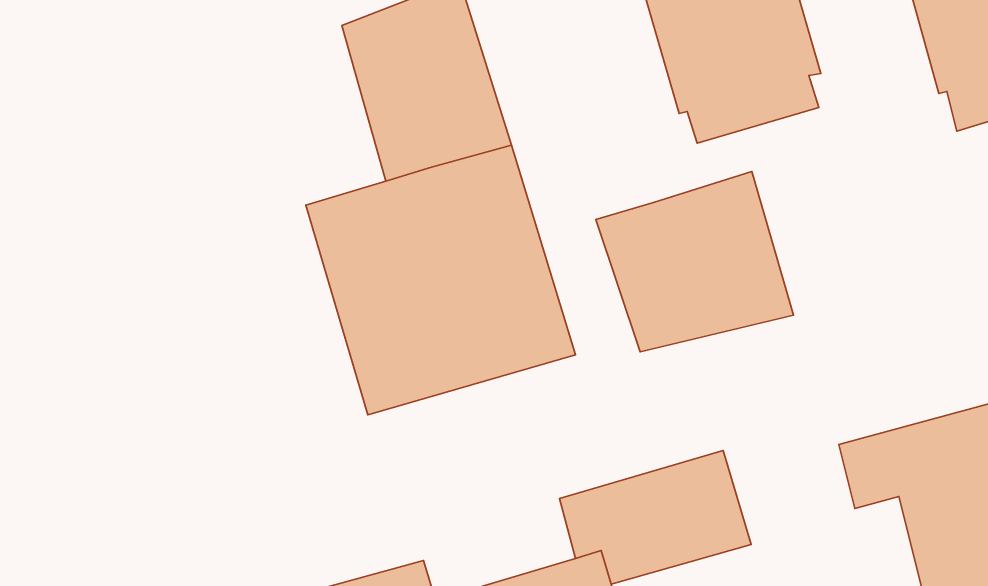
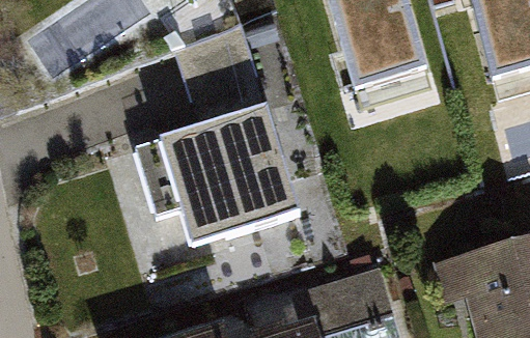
building: [596,171,794,352] -> none

